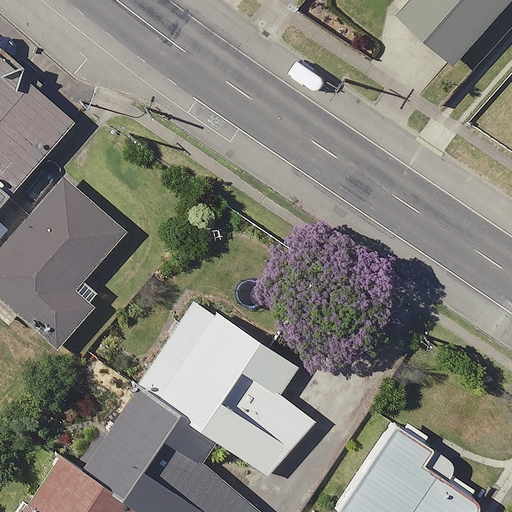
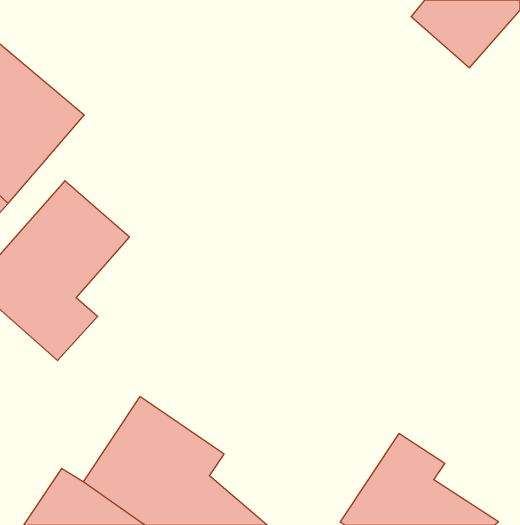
building: [136,300,315,476] -> none

